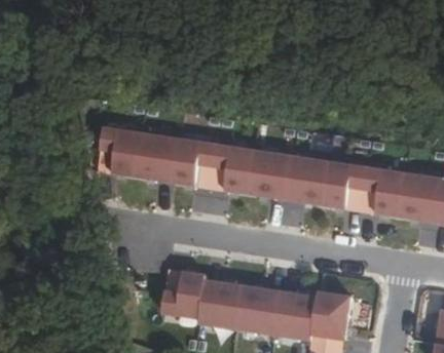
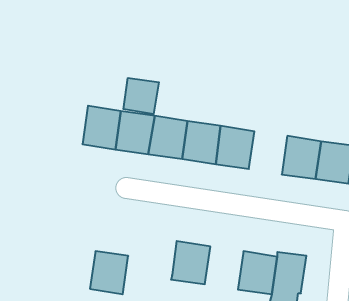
building: none -> [123,78,159,114]
building: [286,157,329,205] -> none
building: [162,270,206,318] -> [90,251,128,294]
building: [236,286,280,335] -> none

